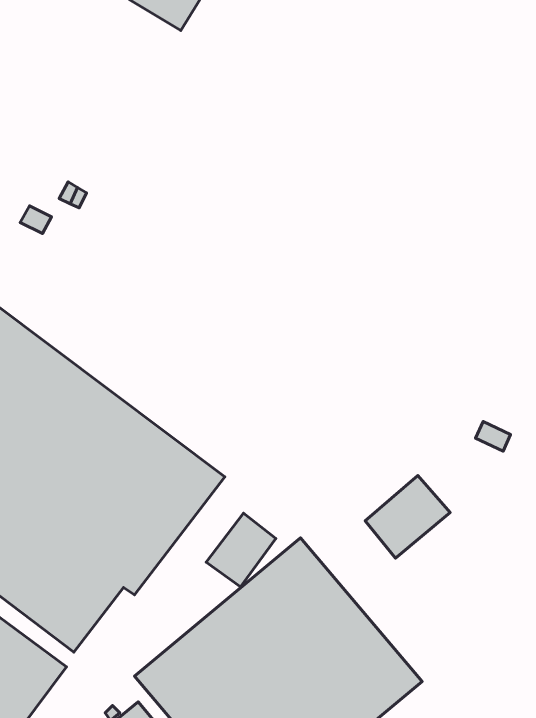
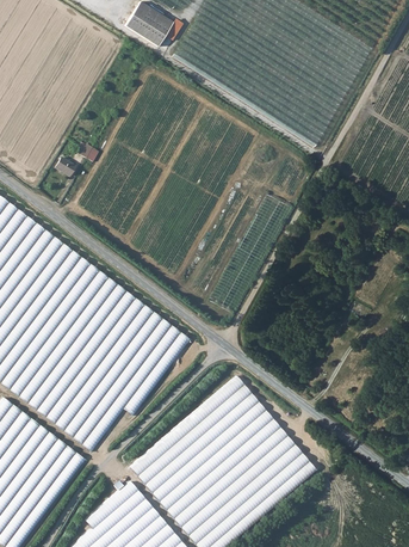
building: [365,476,450,558] -> none
building: [206,513,276,587] -> none

